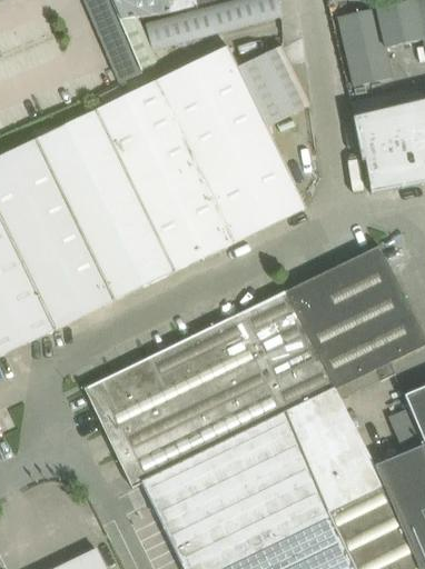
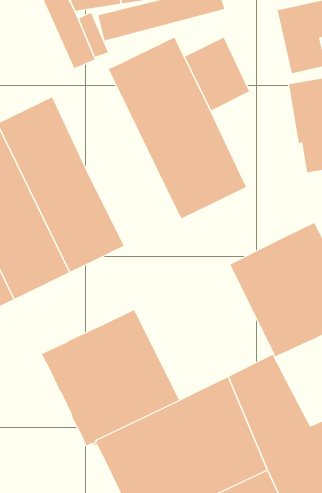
building: [96,80,235,271] -> none
building: [185,291,335,438] -> none

